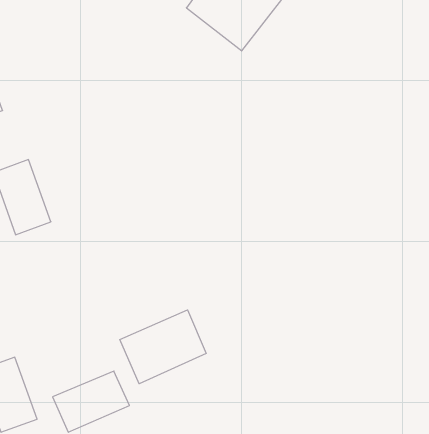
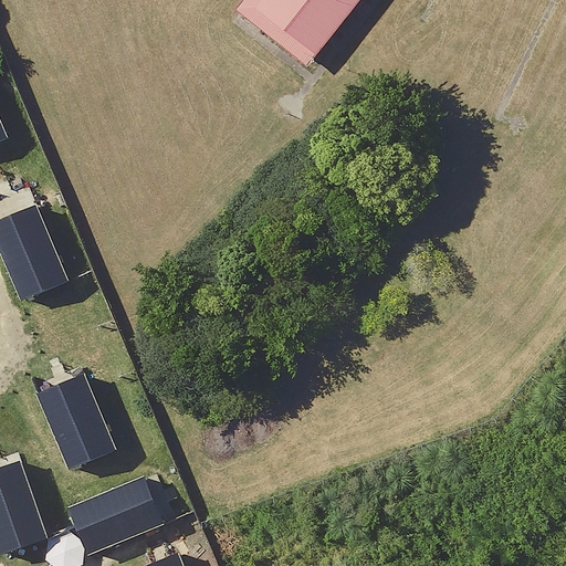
building: none -> [33,369,112,465]
building: [120,310,206,384] -> none

